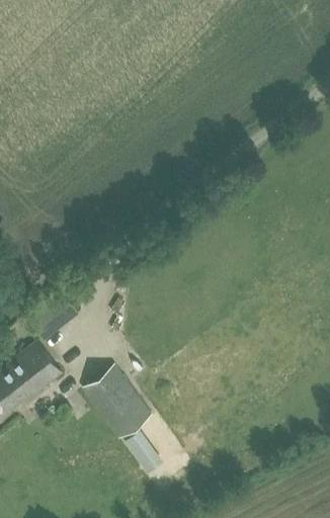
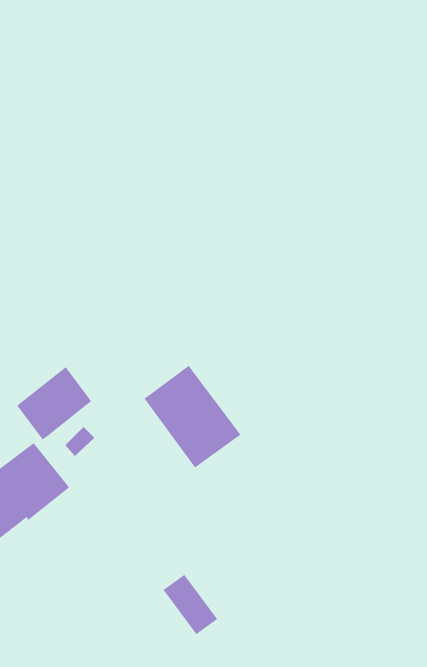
building: [84,366,152,438] -> [144,365,242,469]

